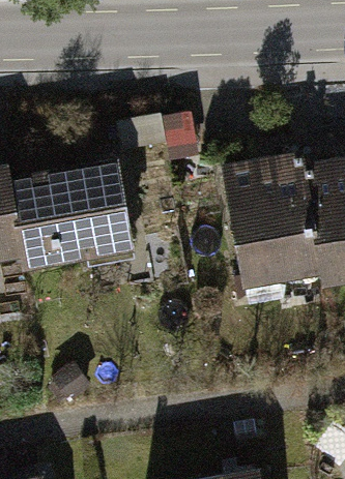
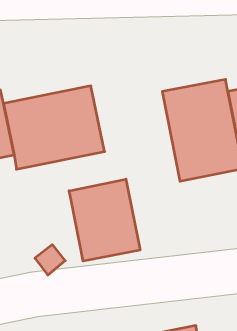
building: none -> [69,179,140,261]

